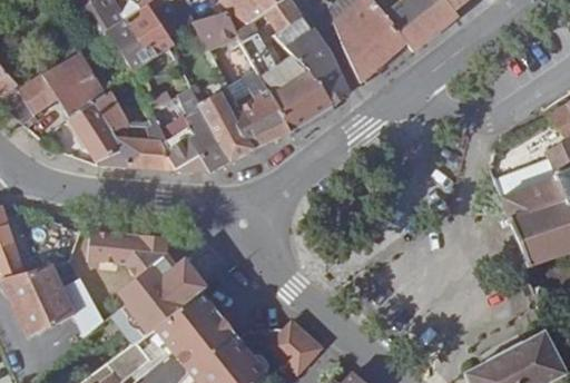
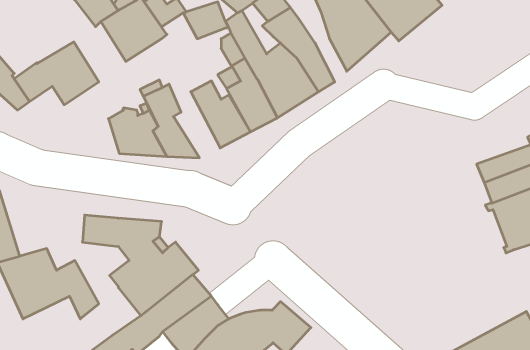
building: [176,88,229,171] -> none
building: [69,90,129,167] -> none

